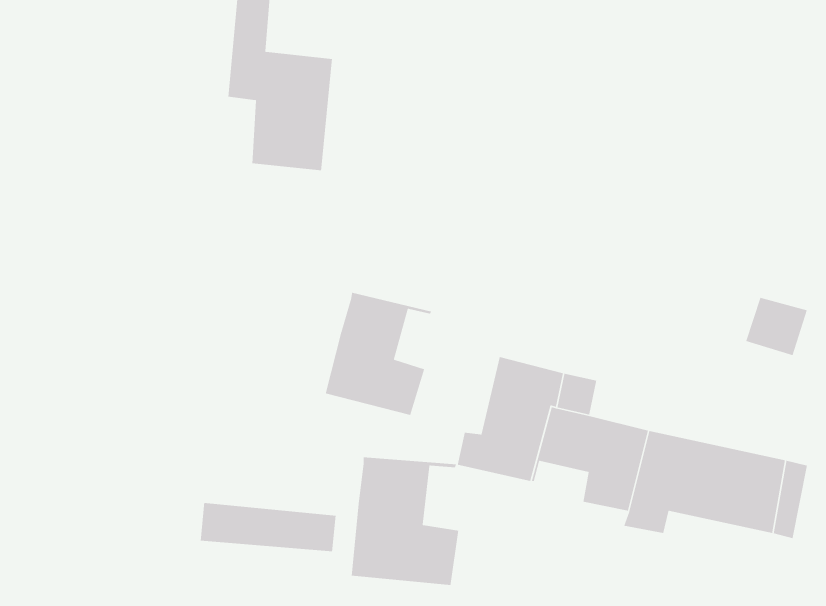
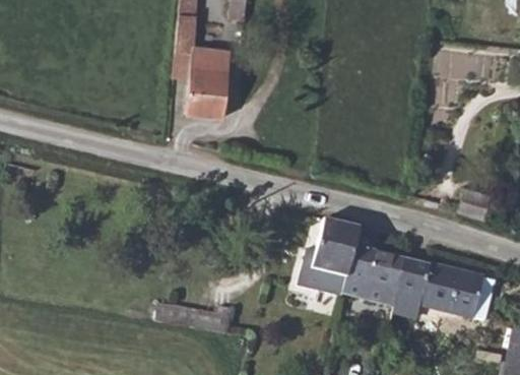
building: [325,292,432,416] -> none
building: [351,456,459,586] -> none

